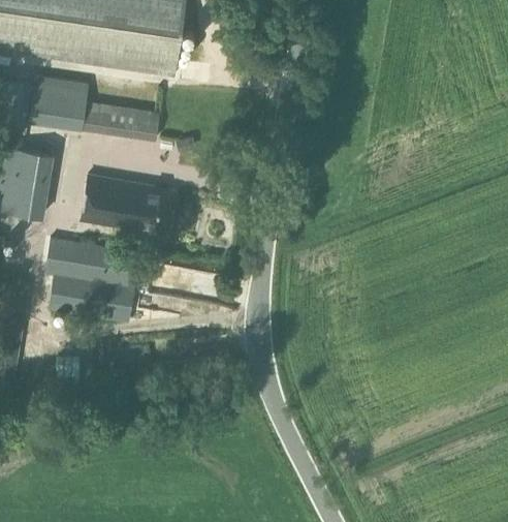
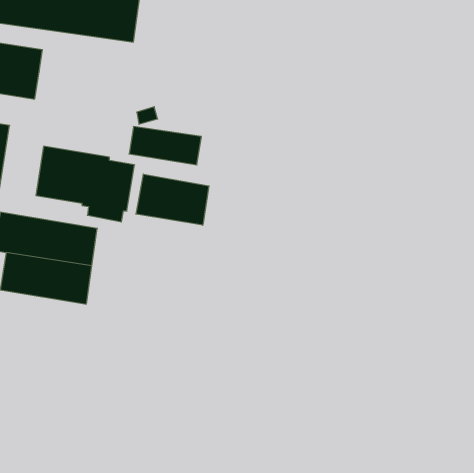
building: [77,102,146,139] -> [129,127,201,165]
building: none -> [136,174,209,225]

